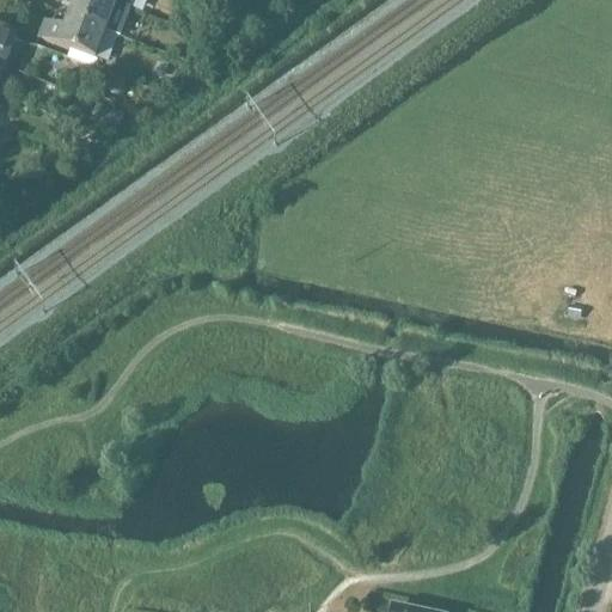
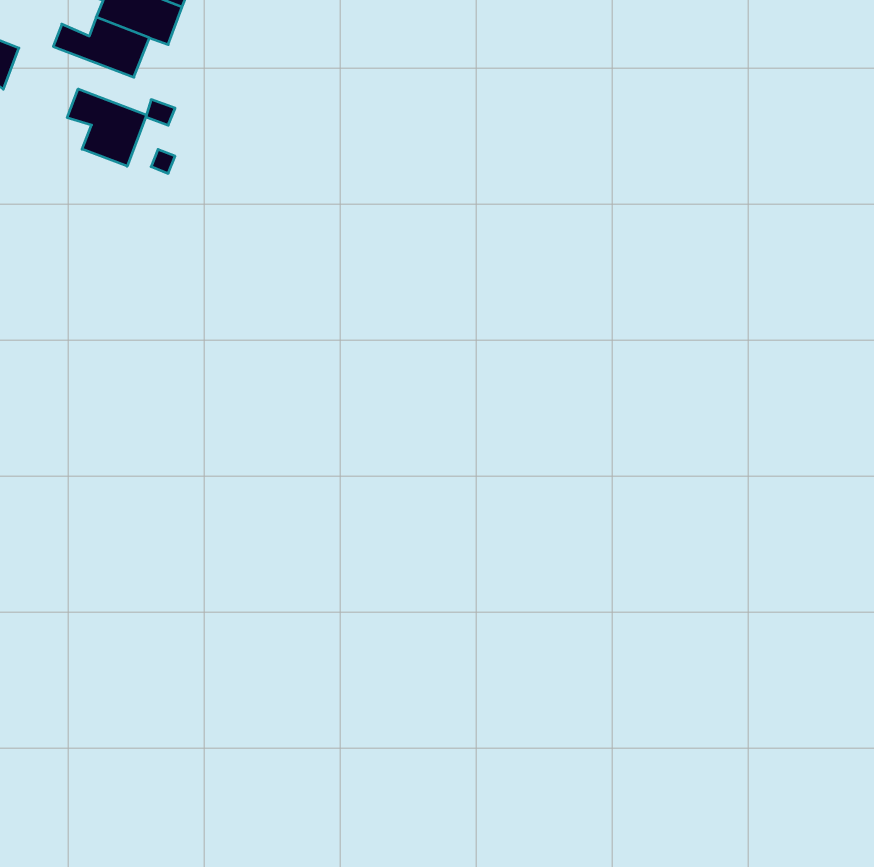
building: none -> [67,89,146,166]

